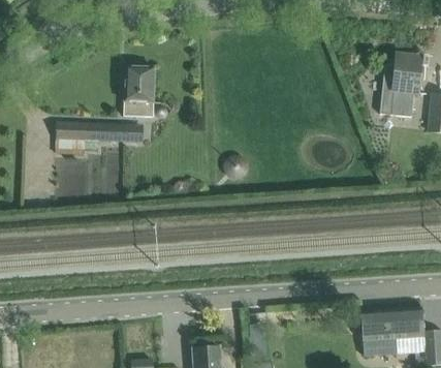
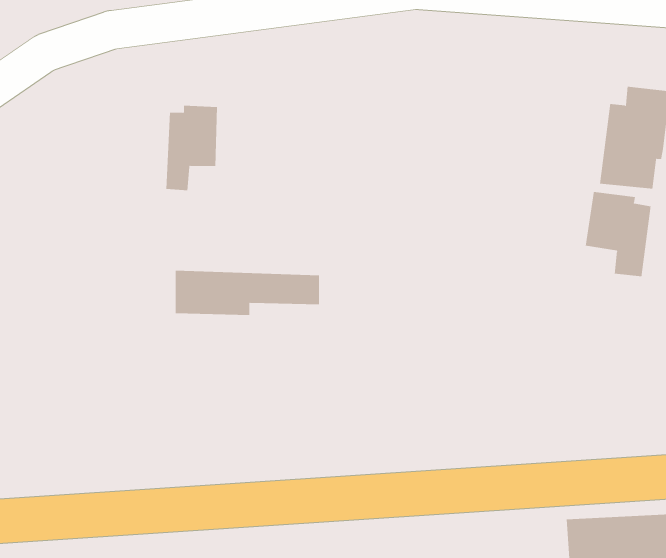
building: none -> [585,191,651,277]
building: [56,123,141,150] -> [175,270,320,315]

